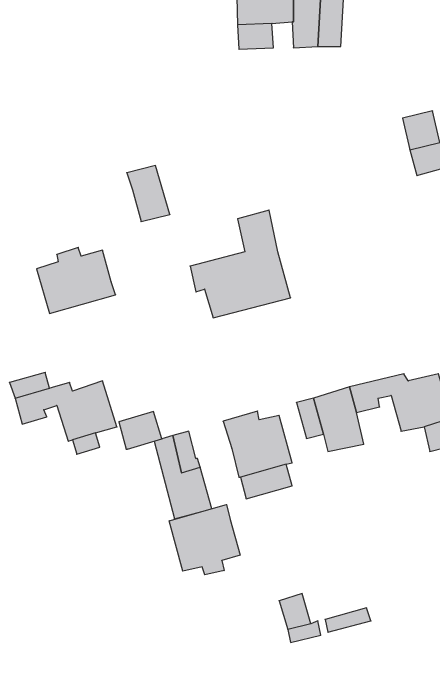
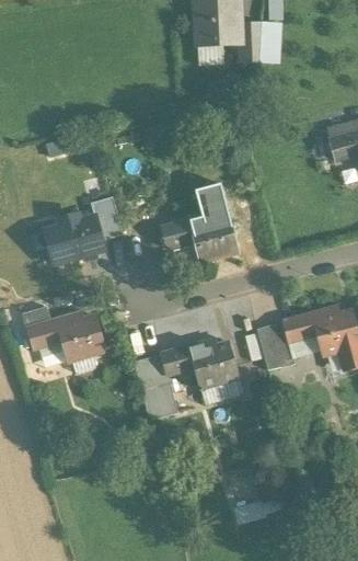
building: [127,166,170,222] -> [90,196,123,239]
building: [119,412,162,449] -> [160,345,193,374]
building: [169,505,240,575] -> none

